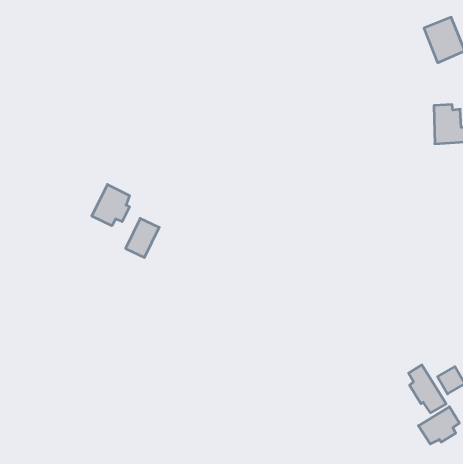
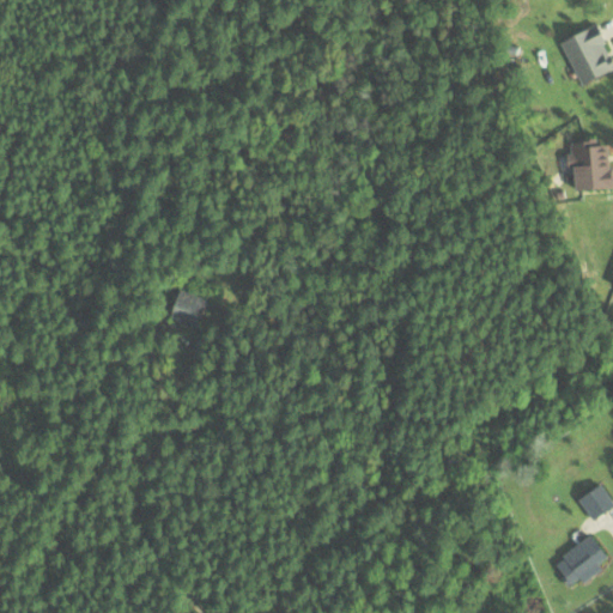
building: [92,184,129,226] -> none
building: [409,365,446,413] -> none

